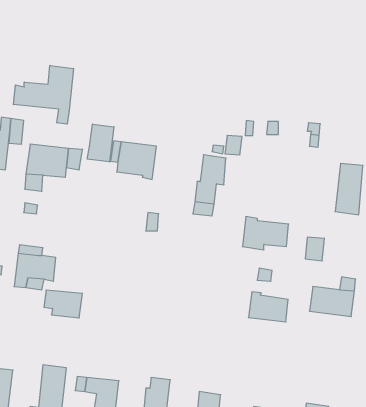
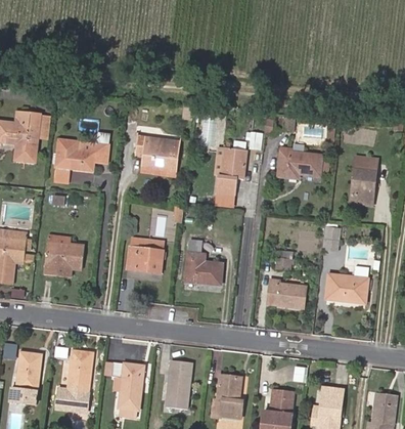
building: [13,65,74,124] -> none
building: [87,124,114,162] -> none
building: [242,217,289,250] -> [277,147,321,179]
building: none -> [184,244,222,285]
building: [44,290,82,318] -> [127,247,164,273]

